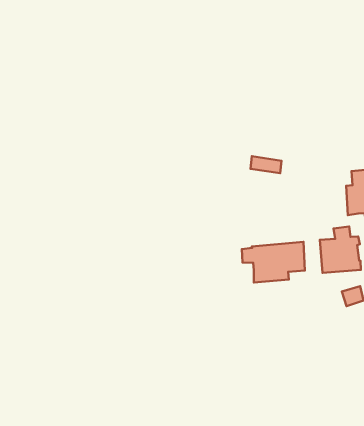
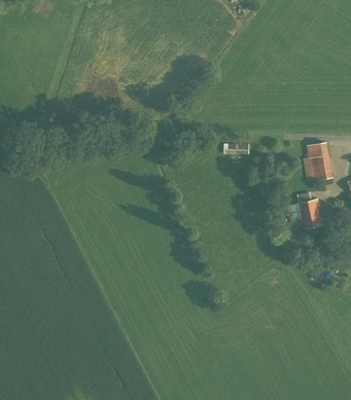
building: [242,242,305,282] -> none

